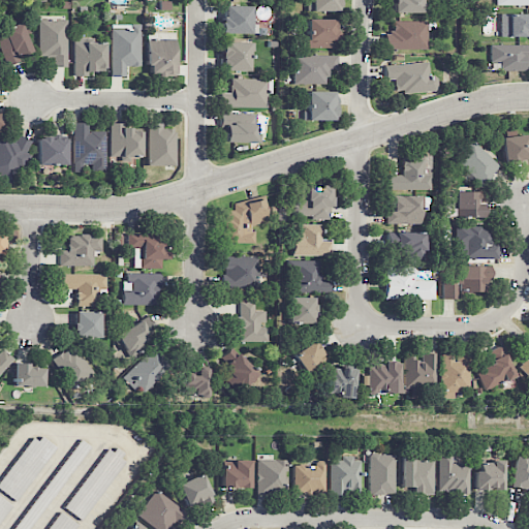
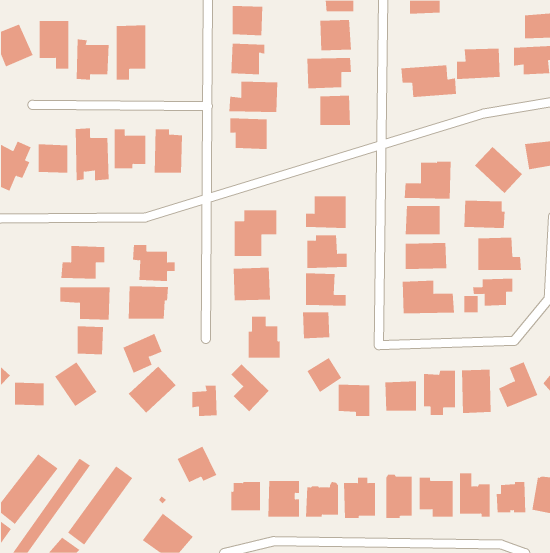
building: [387,21,430,51] -> [456,48,501,79]
building: [149,32,177,75] -> none
building: [179,472,217,507] -> [177,446,217,483]

